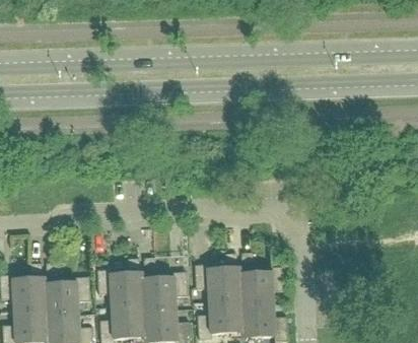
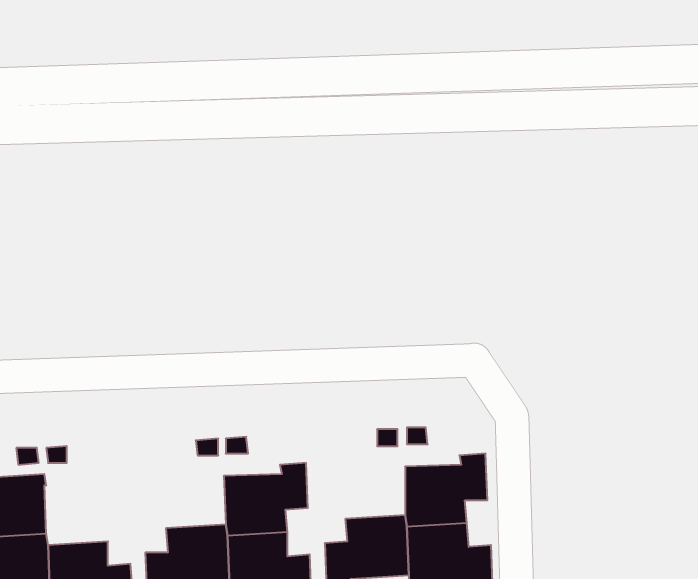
building: [195,263,240,298] -> none
building: [96,267,143,304] -> none
building: [45,274,90,314] -> none

